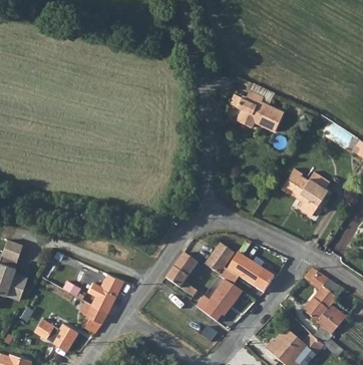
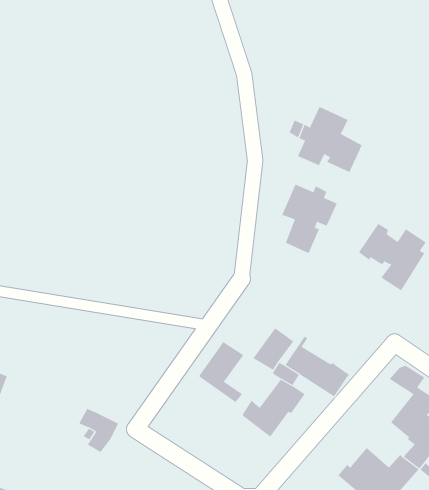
building: none -> [282,184,338,254]
building: [89,273,123,312] -> none
building: [34,319,77,351] -> none

